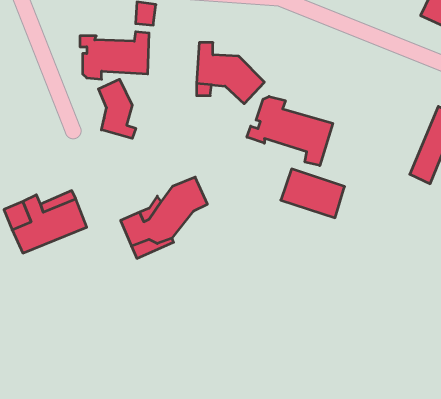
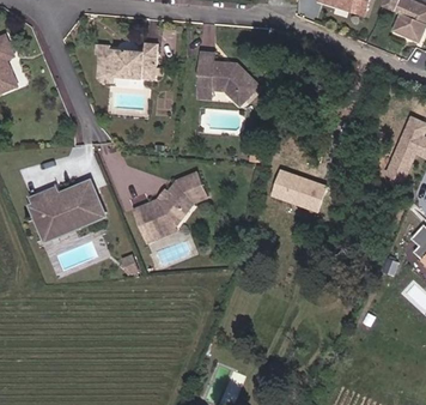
building: [98,79,136,138] -> none
building: [247,96,333,166] -> none

